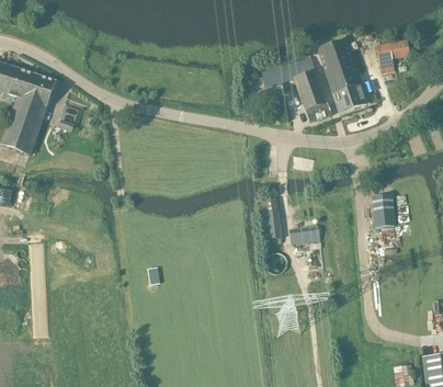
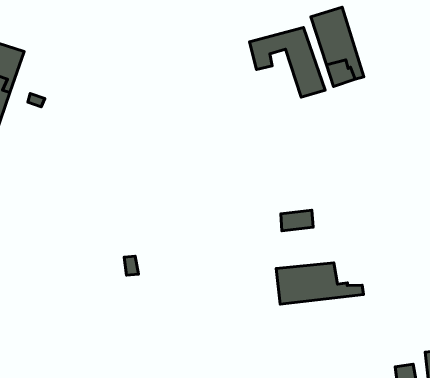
building: [375,39,409,75] -> none
building: [372,195,394,227] -> none
building: none -> [276,263,363,304]

